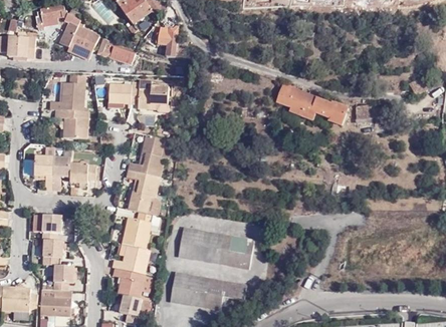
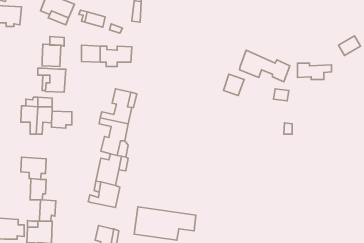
building: [274,82,298,107] -> [224,74,244,96]
building: [173,229,245,270] -> none
building: [114,267,153,298] -> none

